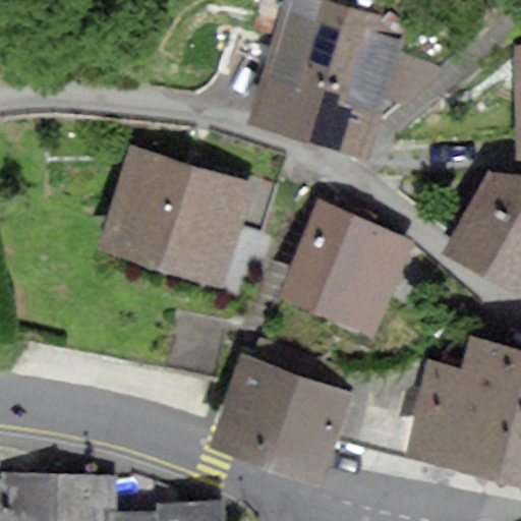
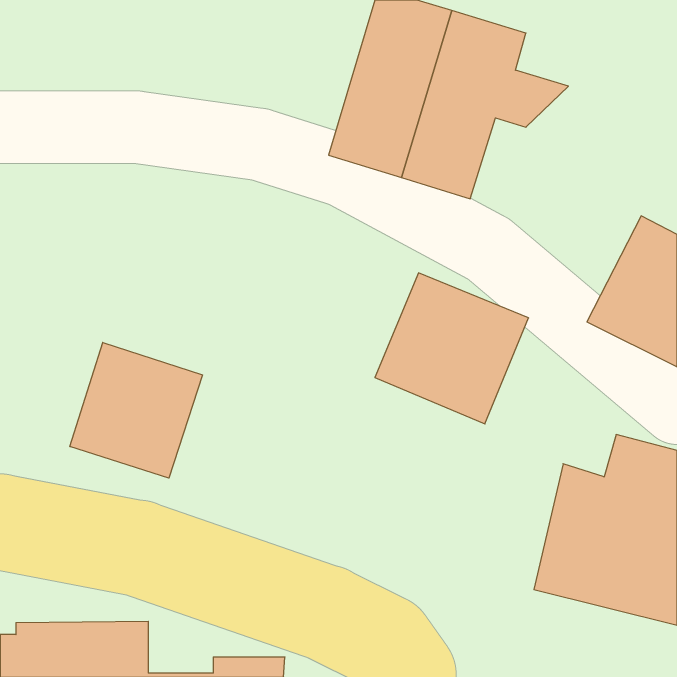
building: [108,151,249,274] -> none
building: none -> [70,342,203,478]
building: [223,361,343,464] -> none

